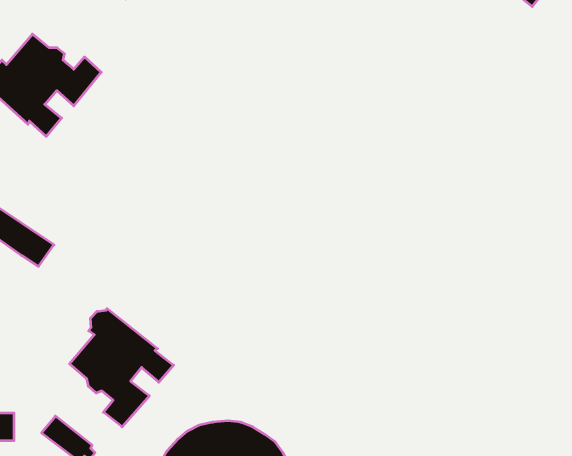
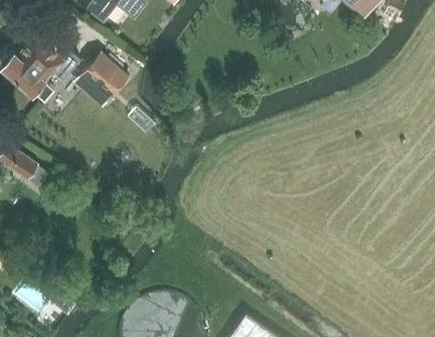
building: none -> [72,52,128,109]
building: [70,309,174,427] -> none

